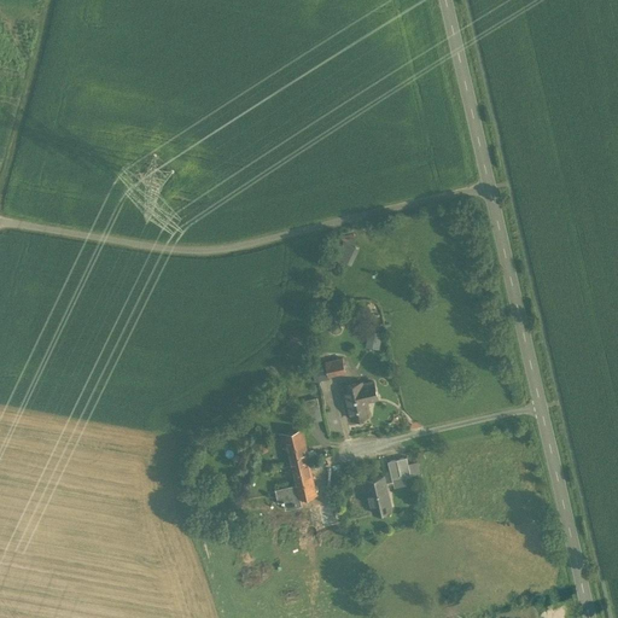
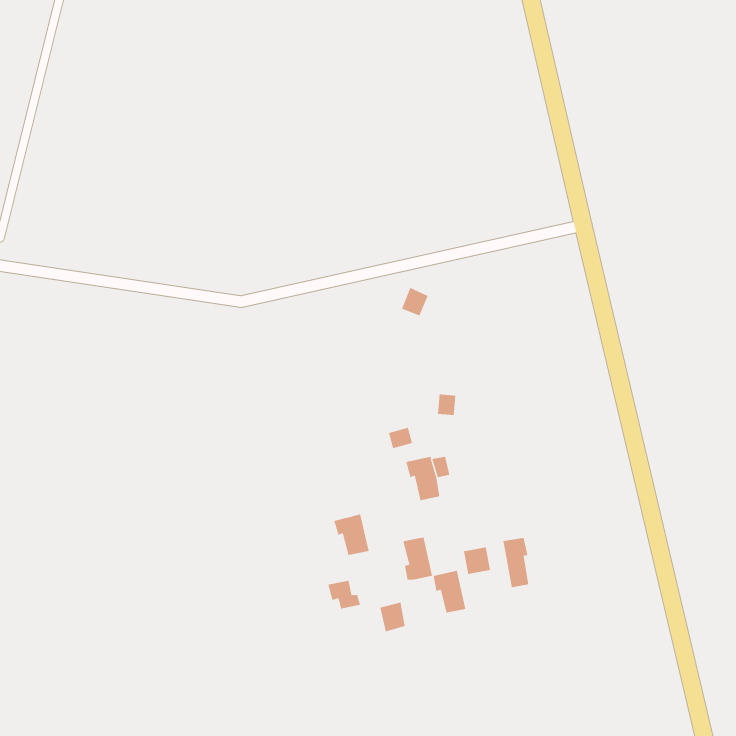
building: none -> [503,537,529,588]
building: [292,462,317,499] -> [403,537,433,580]

